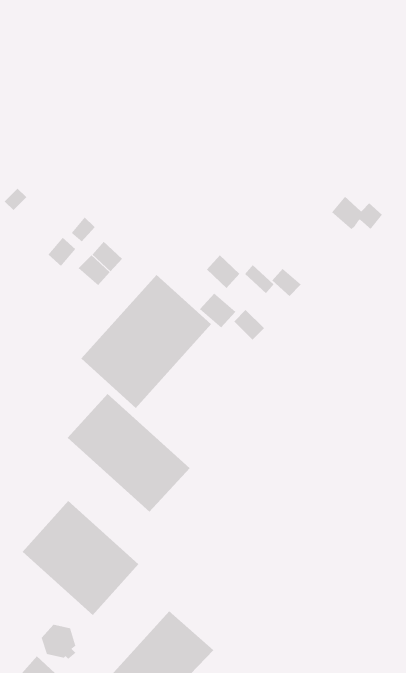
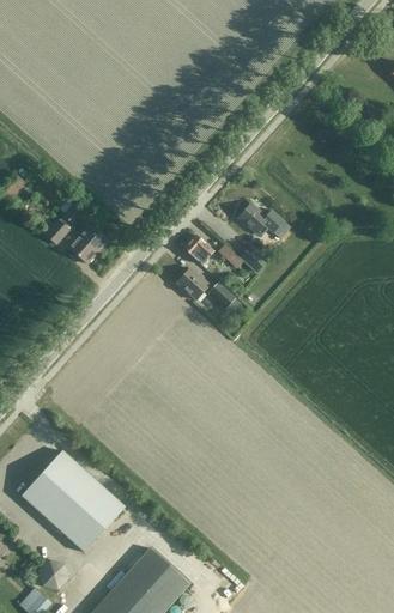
building: [331,196,383,230] -> [238,204,284,233]
building: [81,274,212,409] -> none
building: [67,393,190,513] -> none

